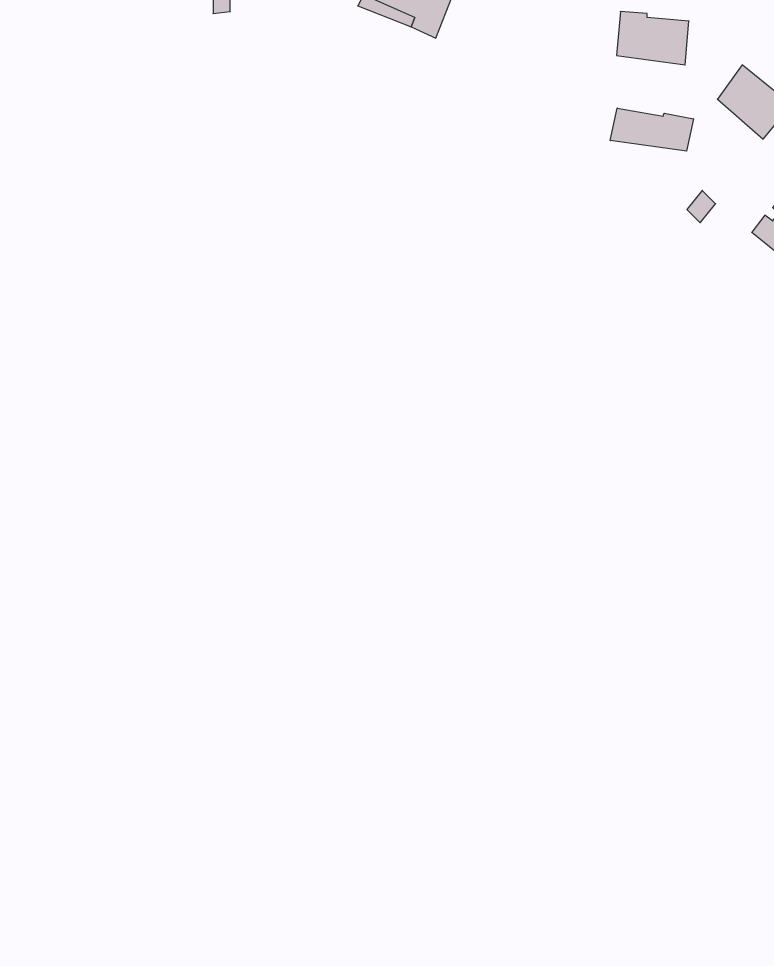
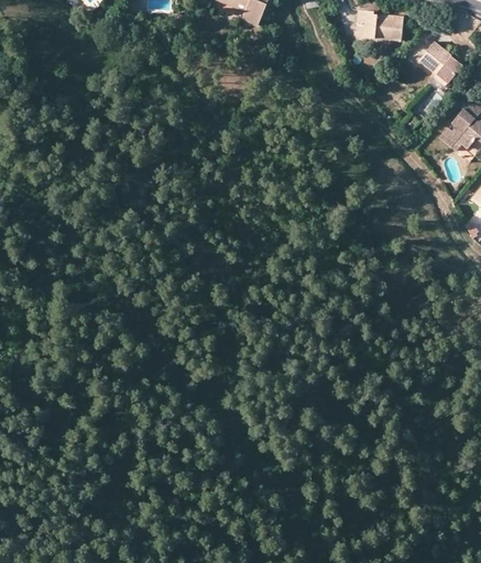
building: [610,108,693,151] -> none

